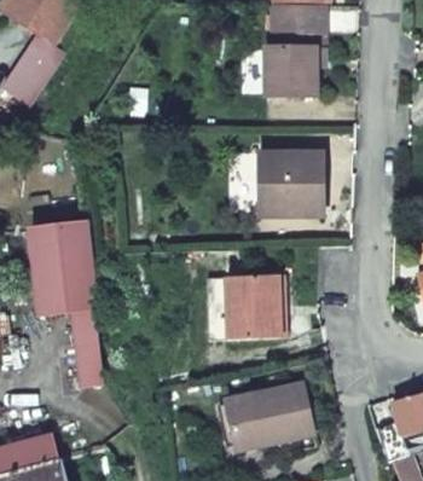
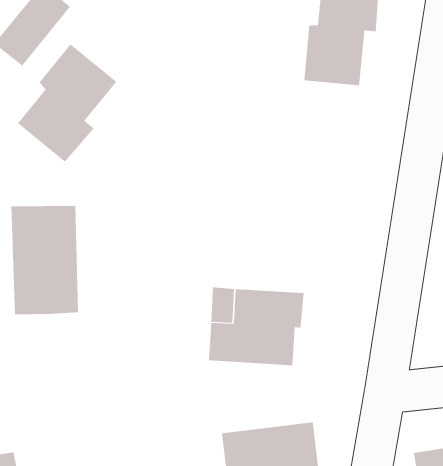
building: none -> [17,43,117,162]
building: [260,151,324,210] -> none
building: [73,309,105,388] -> none

